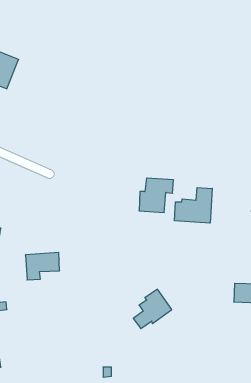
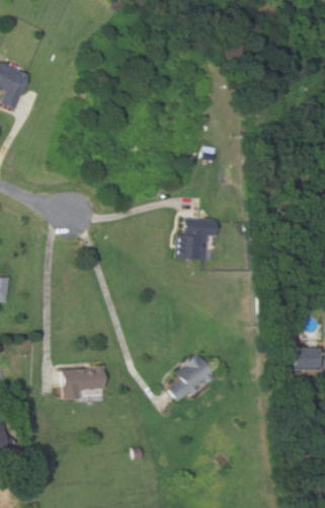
building: [175,188,212,223] -> none
building: [25,252,60,280] -> [62,365,103,398]

